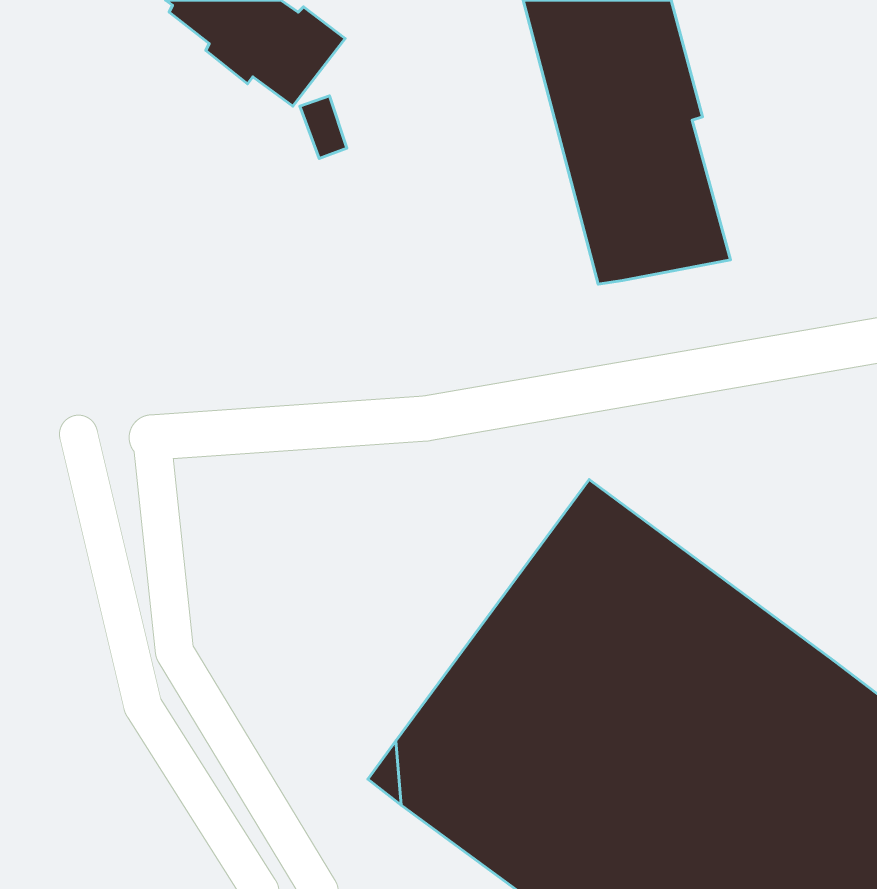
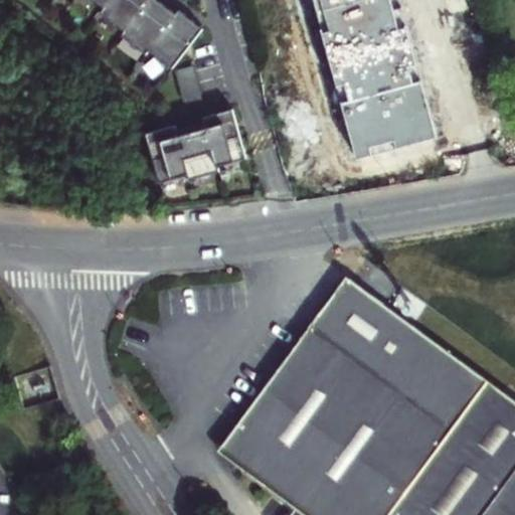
building: none -> [144,95,243,171]

